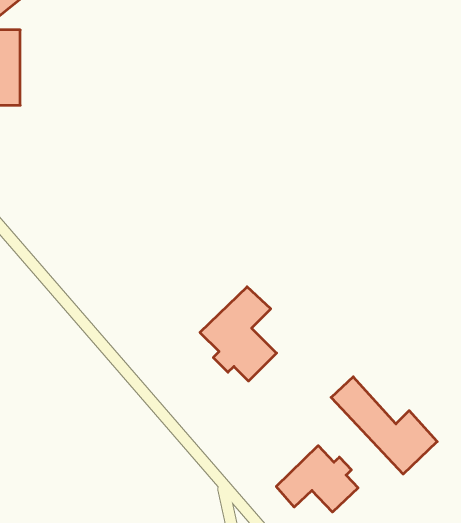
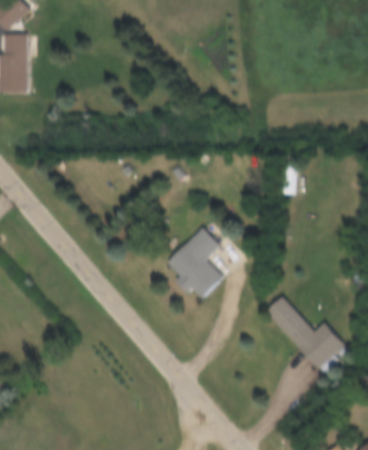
building: [276,446,358,512] -> none

